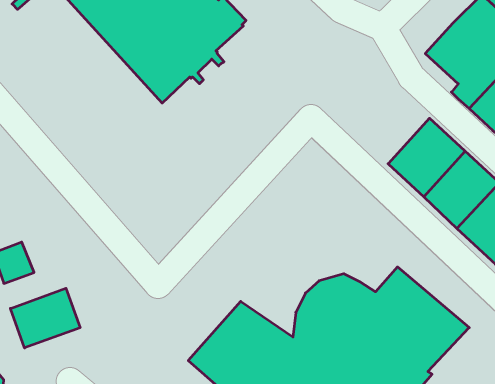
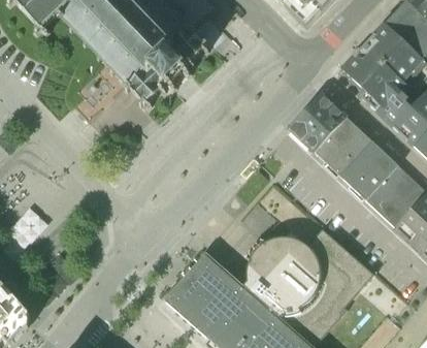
building: none -> [288,92,344,150]
building: [10,288,80,348] -> none

